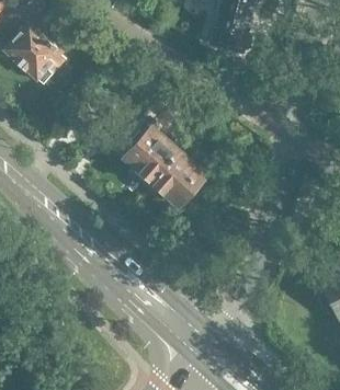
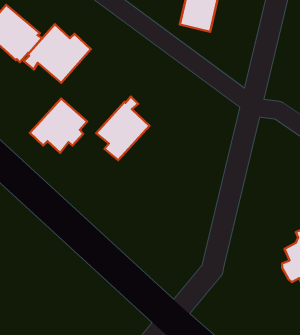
building: none -> [24,24,91,83]
building: [146,151,206,208] -> [30,98,87,153]

